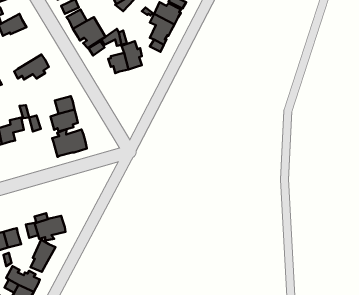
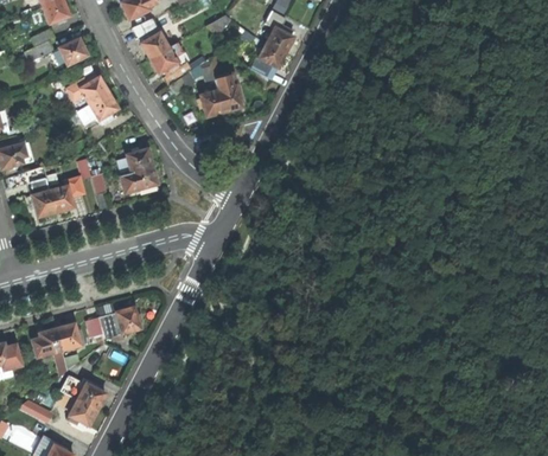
building: none -> [66,72,108,110]
building: [52,129,87,157] -> none
building: [30,239,55,272] -> none

